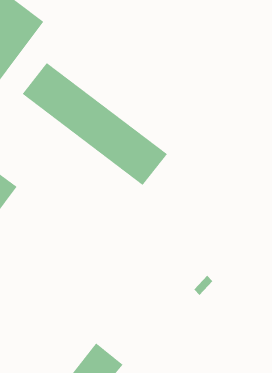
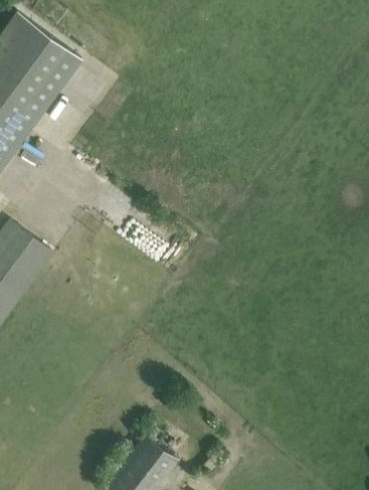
building: [22,62,168,186] -> none

